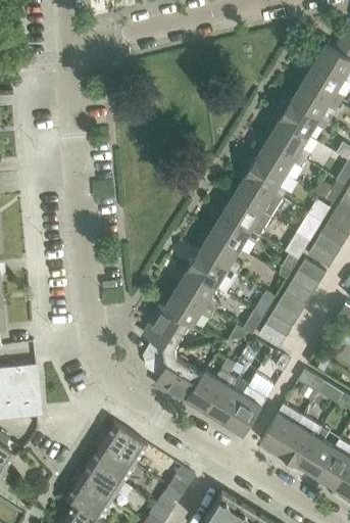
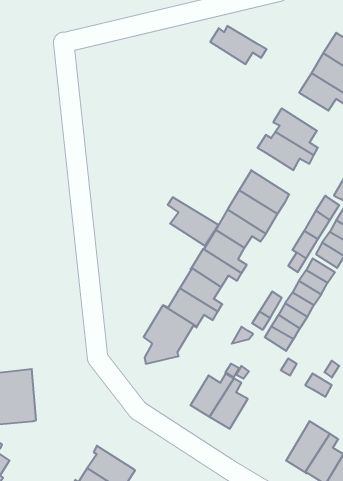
building: [276,100,330,137] -> [210,26,267,64]
building: [246,156,288,198] -> none
building: none -> [168,197,219,246]
building: [145,353,205,405] -> none
building: [226,386,267,435] -> none
building: [260,405,302,454] -> none
building: [98,423,146,463] -> none

